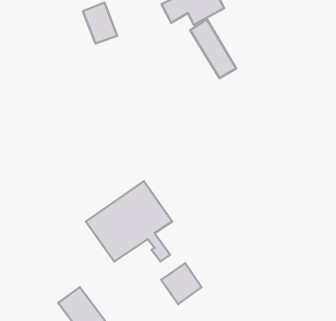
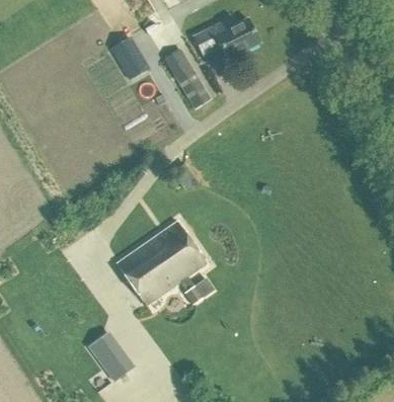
building: [190,19,236,78] -> [164,50,212,110]
building: [161,263,201,304] -> none

